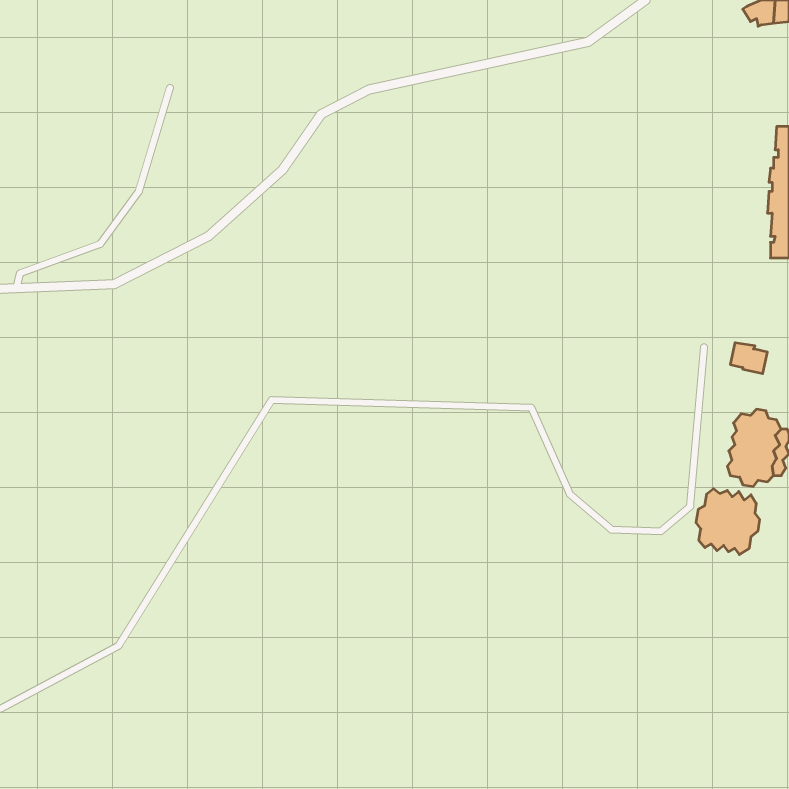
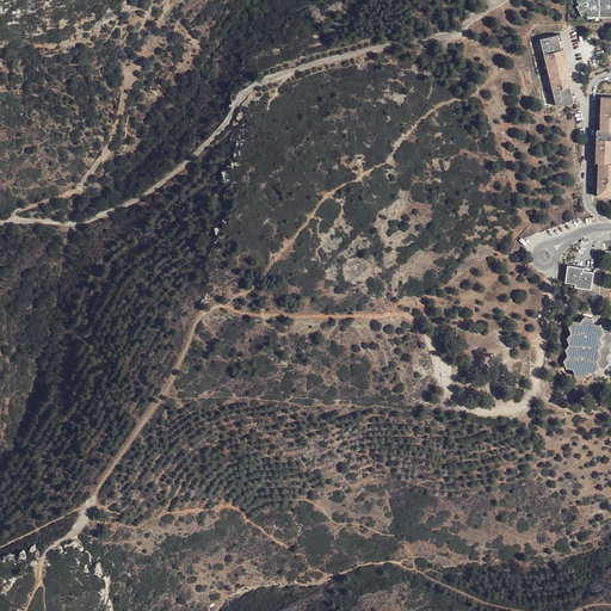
building: none -> [543,36,576,105]
building: [696,489,760,555] -> none

